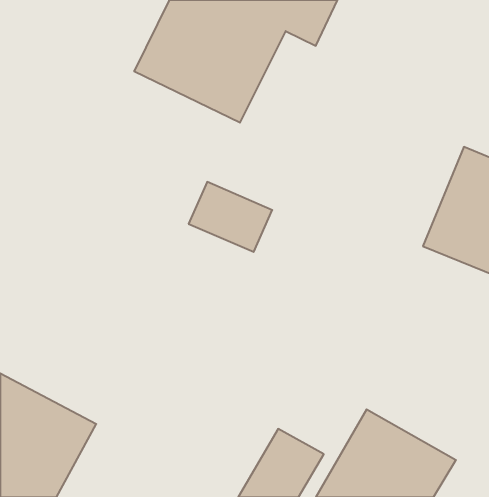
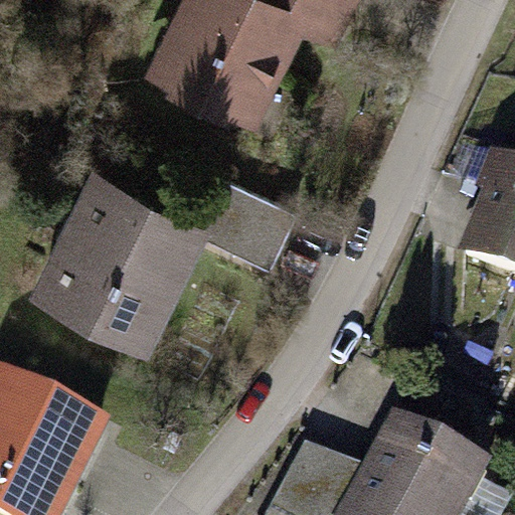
building: none -> [39,178,202,348]

